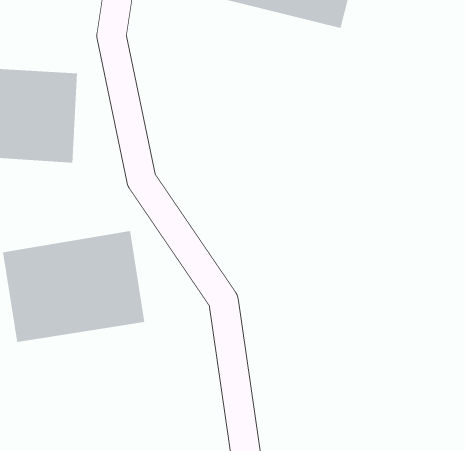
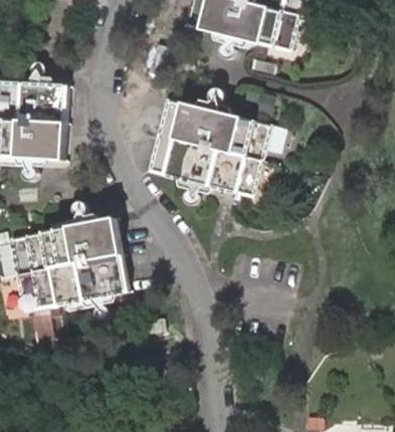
building: none -> [146,97,271,196]

